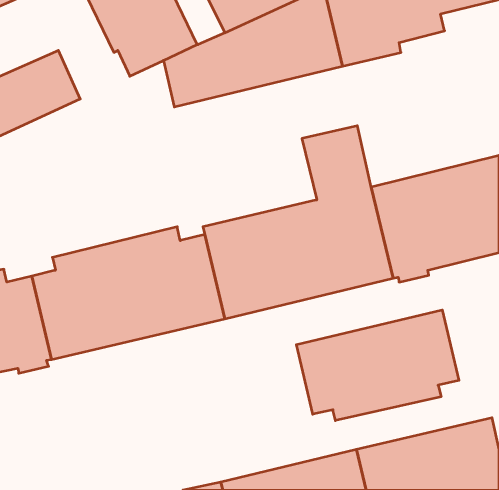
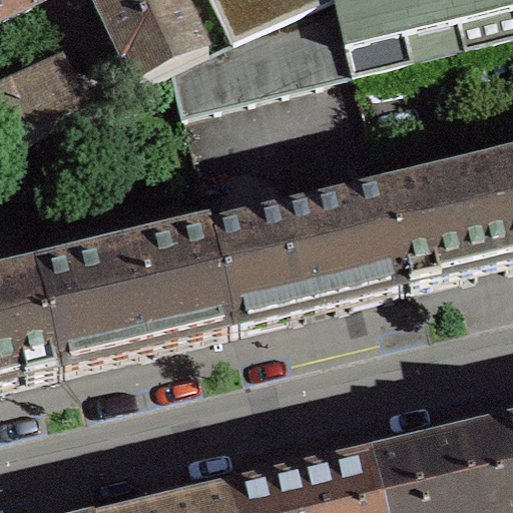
building: [296,310,459,421] -> none

